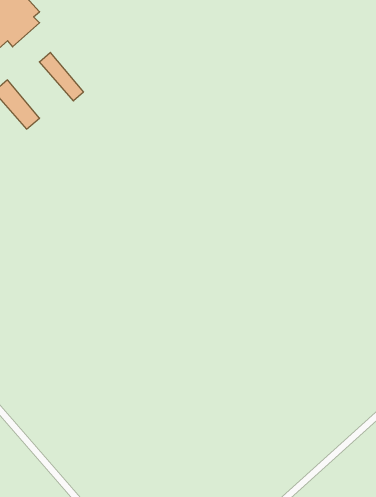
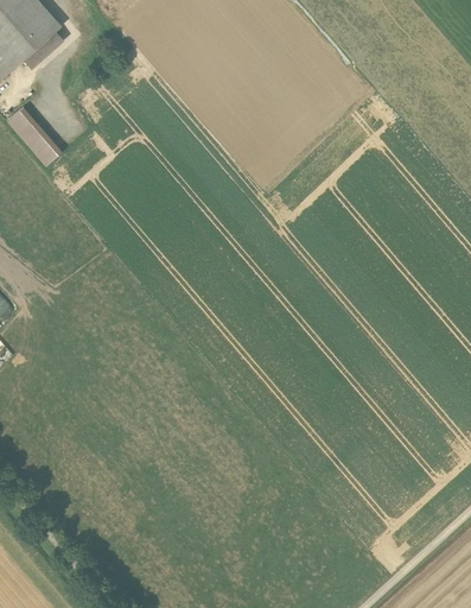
building: [39,52,83,101] -> none

